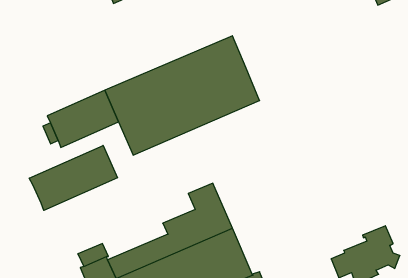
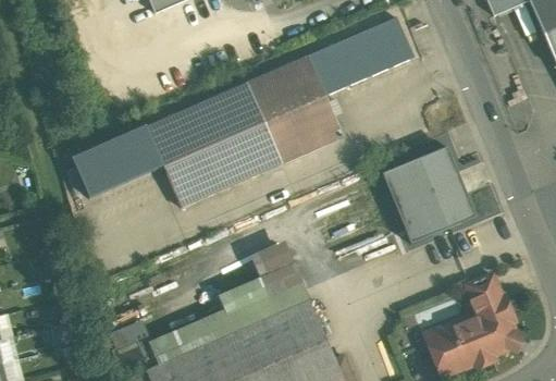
building: none -> [308,17,415,96]
building: none -> [382,146,477,243]
building: [29,145,118,210] -> none
building: none -> [466,274,502,309]

